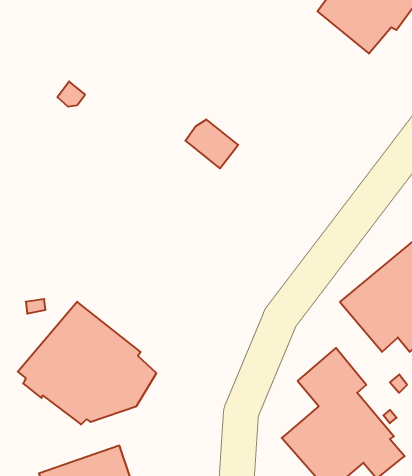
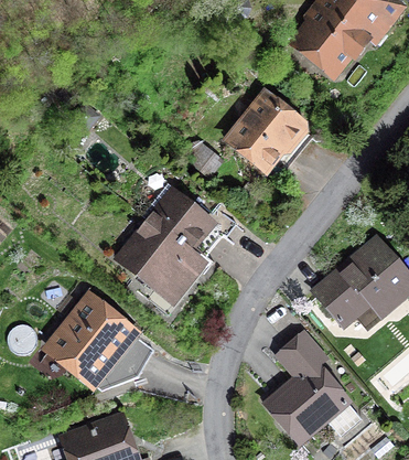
building: none -> [220,87,314,178]
building: none -> [114,183,218,309]

